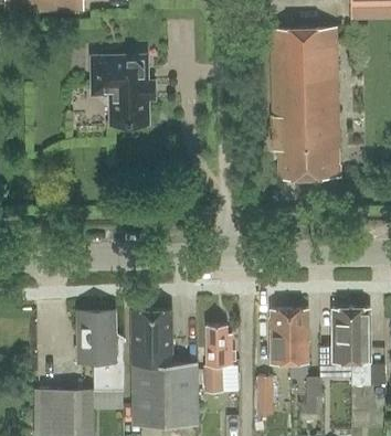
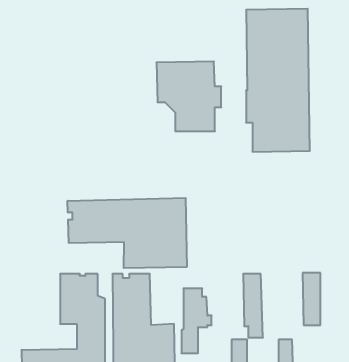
building: [87,54,156,128] -> [156,61,221,131]
building: none -> [68,198,187,268]
building: [287,308,308,376] -> none
building: [350,308,370,386] -> none

